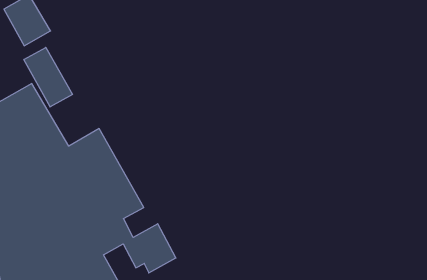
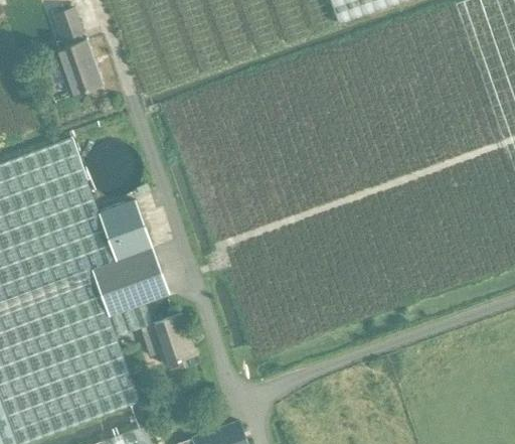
building: [24,47,72,107] -> none

